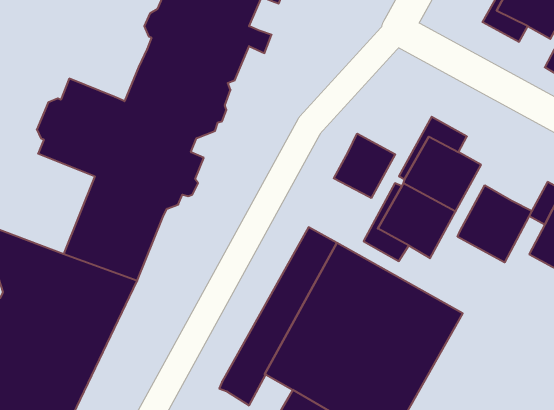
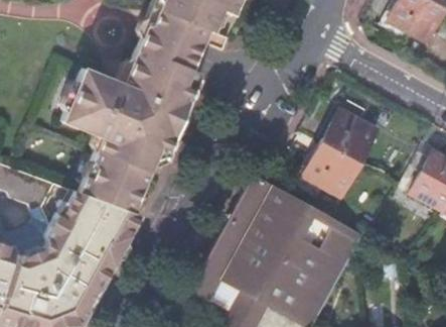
building: [334,134,395,198] -> none
building: [458,185,532,262] -> none

